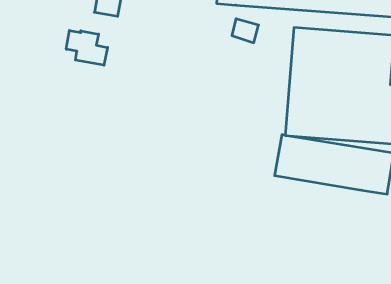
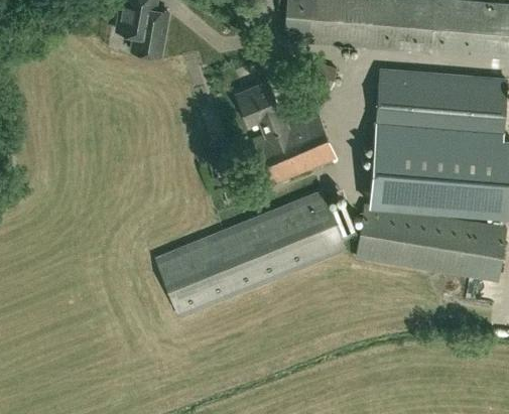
building: [66,30,108,65] -> none
building: none -> [237,81,338,182]
building: none -> [156,189,346,315]

